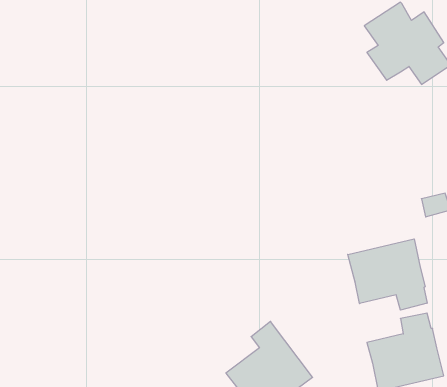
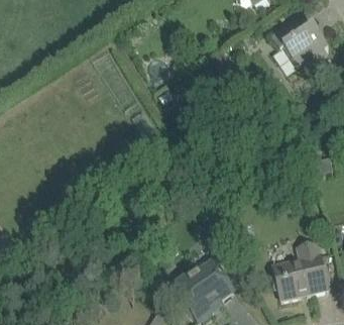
building: [348,239,427,310] -> none

